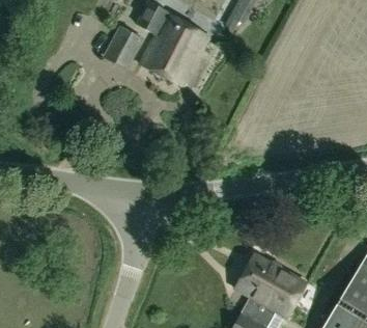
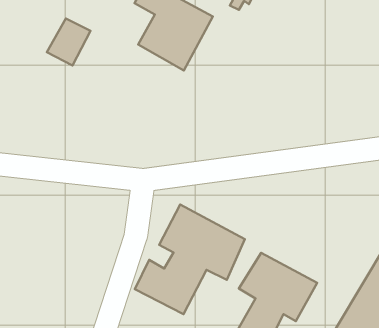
building: [104,26,144,70] -> [47,19,90,66]
building: none -> [135,204,245,314]

